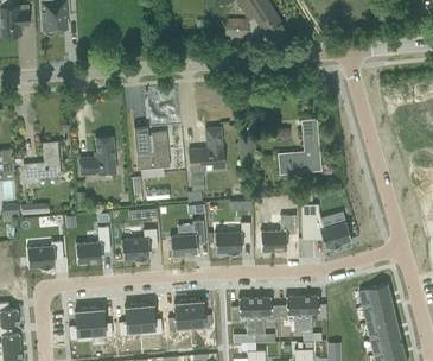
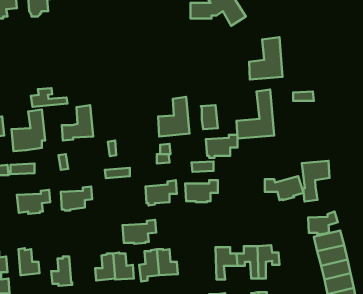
building: none -> [249,37,282,79]
building: none -> [31,88,67,107]
building: [134,128,170,171] -> none
building: none -> [302,161,329,202]
building: [266,222,301,248] -> [206,135,237,158]
building: [125,227,163,254] -> [123,220,156,244]
building: none -> [308,212,338,234]
building: [230,299,255,336] -> none
building: [88,309,112,340] -> [19,248,39,275]

